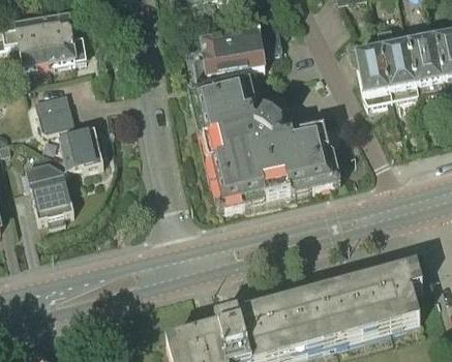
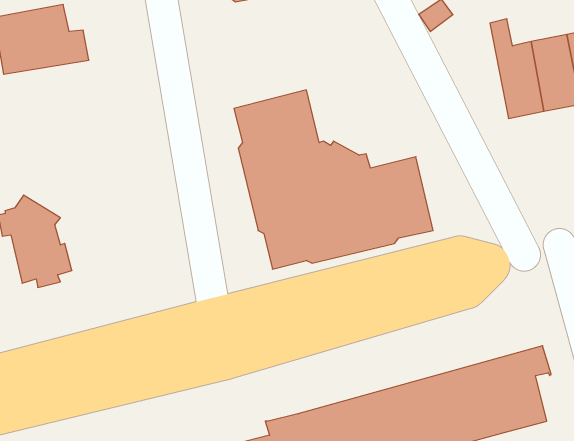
building: [193,24,282,76] -> none
building: [355,27,392,101] -> none
building: [35,91,108,169] -> none

